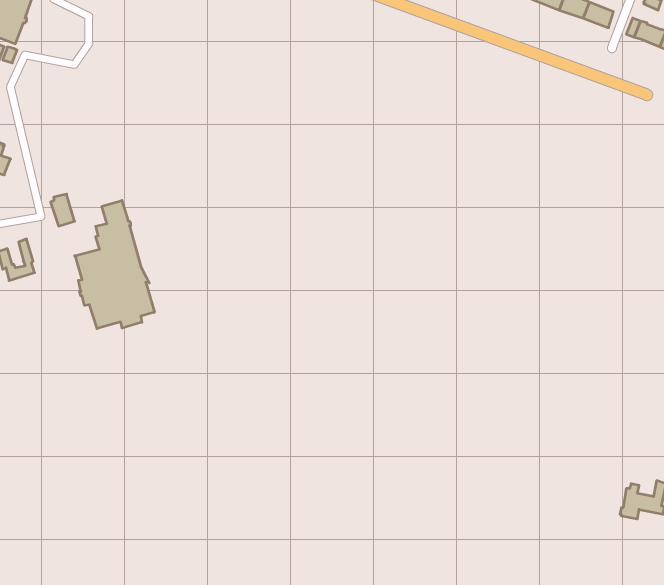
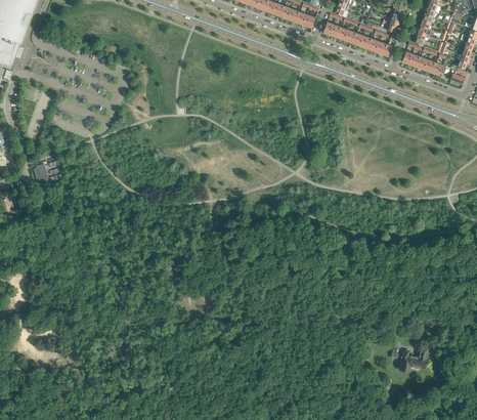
building: [75,200,154,329] -> none

